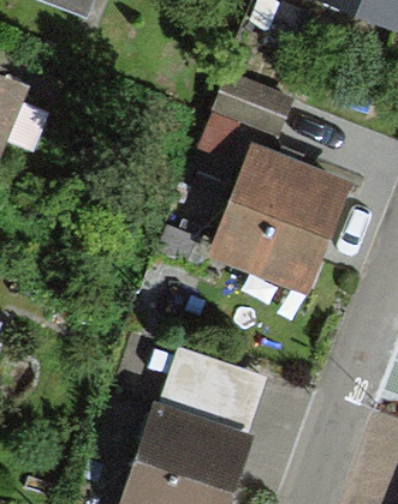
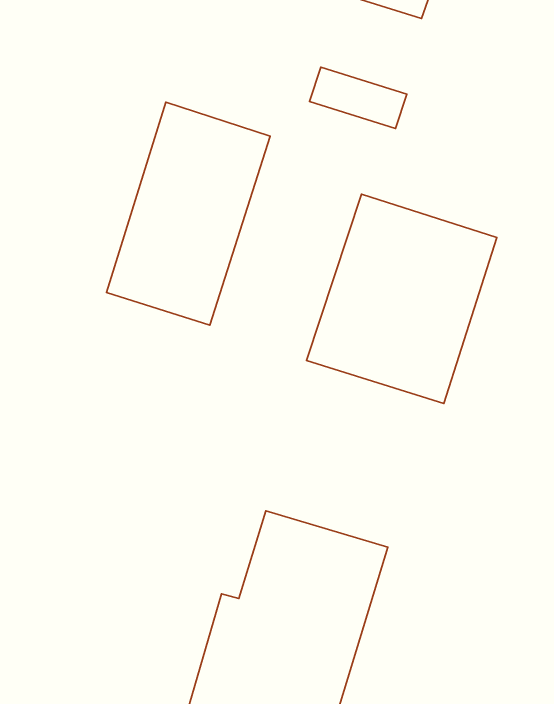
building: none -> [107,102,270,325]

